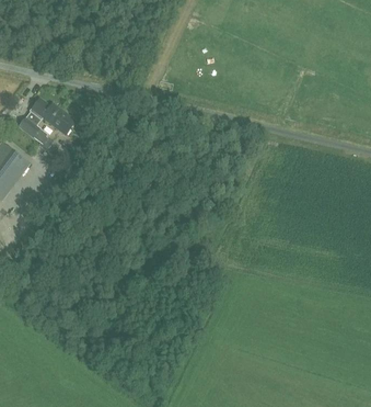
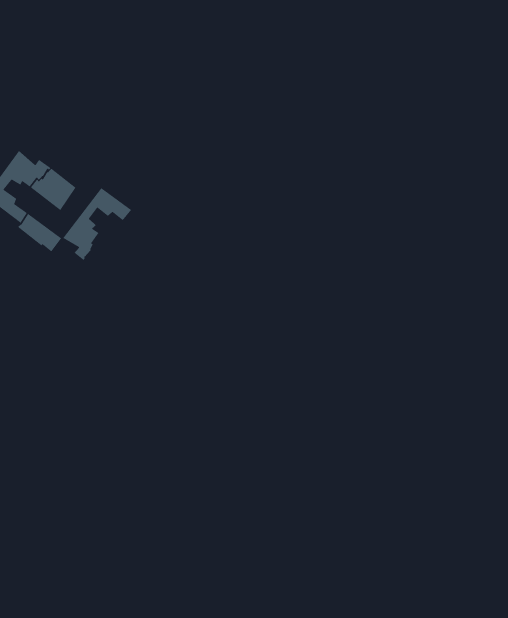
building: none -> [62,187,132,261]

